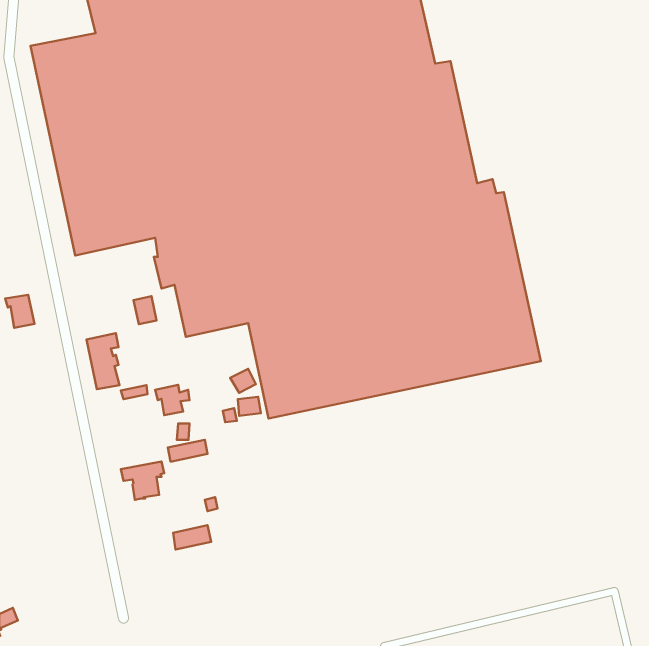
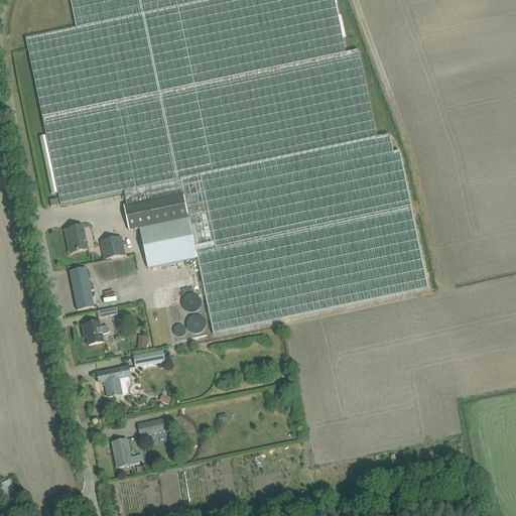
building: [5,295,35,328] -> [63,225,87,251]
building: [155,385,190,415] -> [81,319,108,344]
building: none -> [111,437,142,466]

